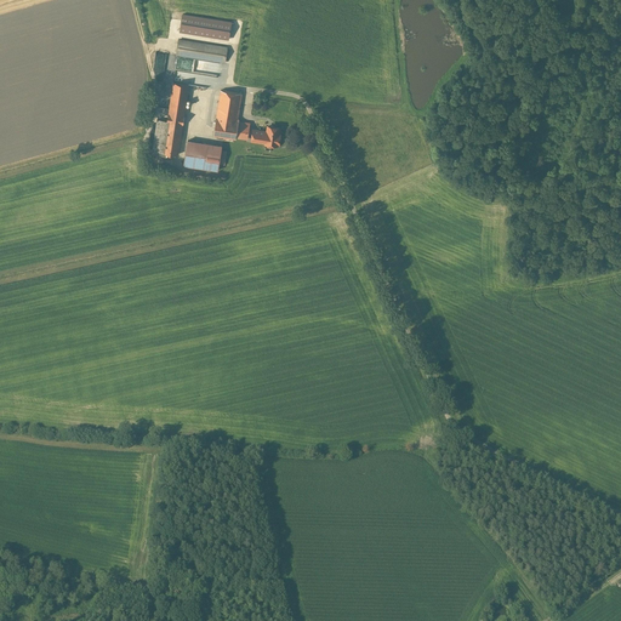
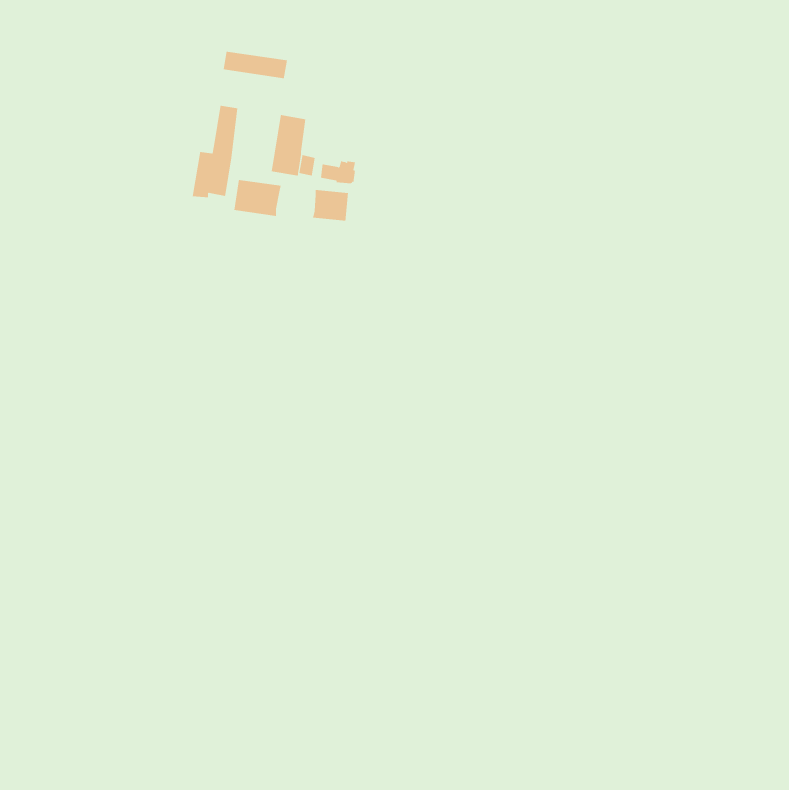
building: [178,15,230,39] -> none
building: none -> [312,189,348,221]

